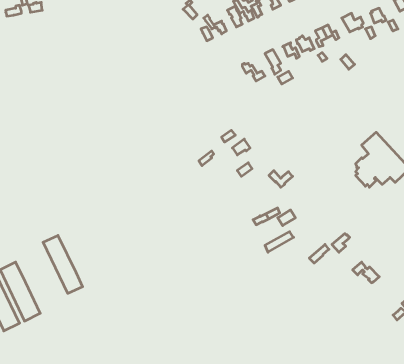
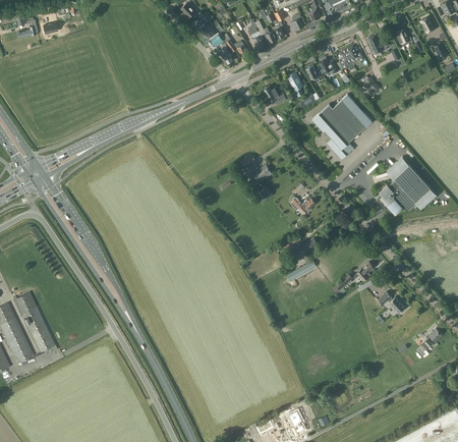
building: none -> [312,95,371,160]
building: [43,235,83,293] -> none

